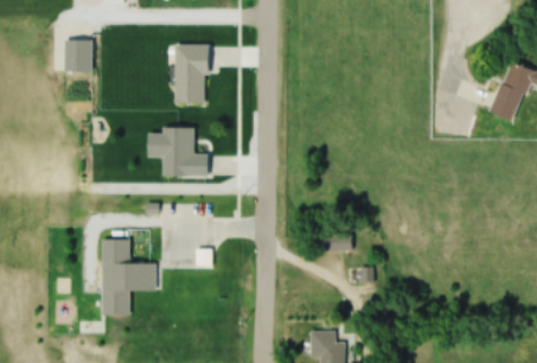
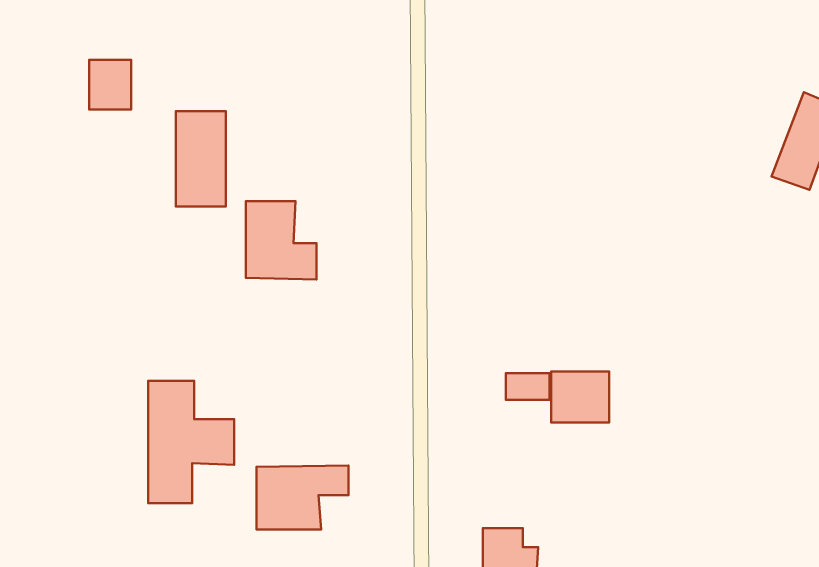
building: [174,44,205,103] -> [176,111,226,207]
building: none -> [551,372,609,423]
building: none -> [256,465,348,530]

